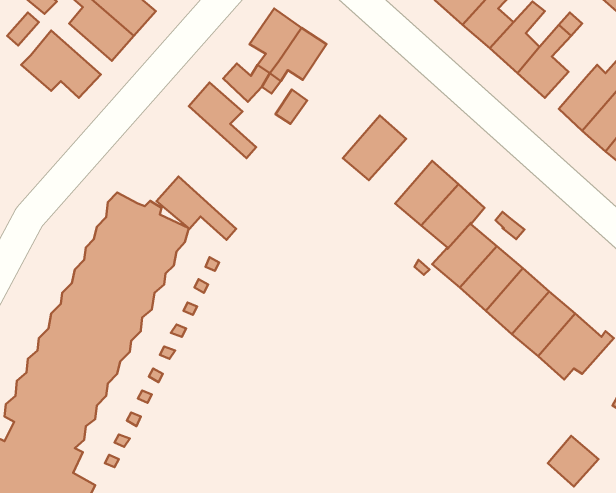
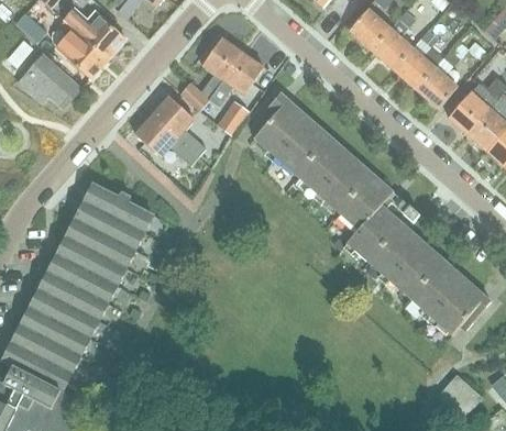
building: none -> [255,91,306,156]
building: none -> [297,141,348,192]
building: [156,177,236,240] -> [135,114,199,165]

